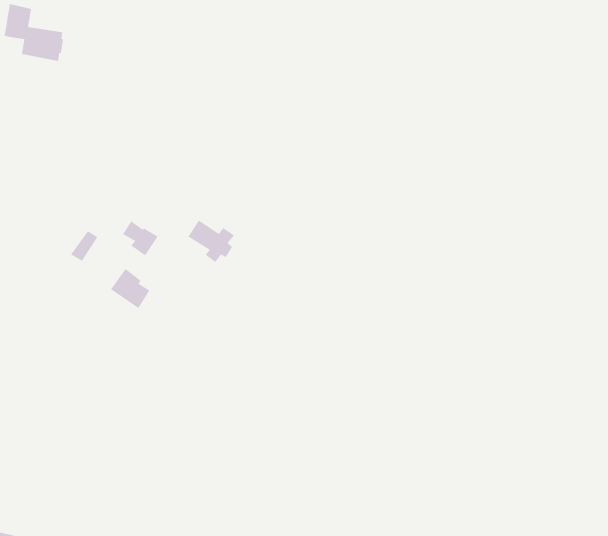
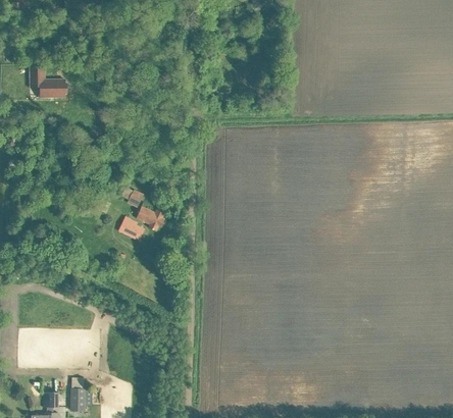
building: [188,220,235,263] -> [136,207,164,231]

